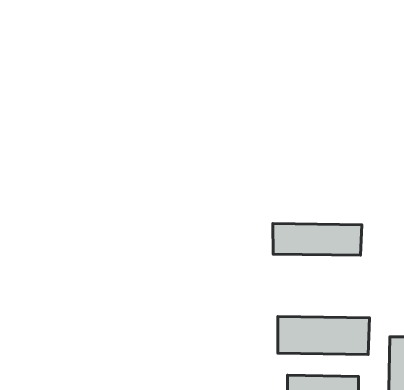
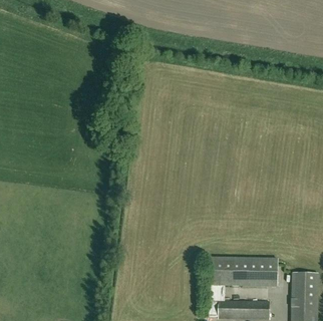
building: [273,223,362,255] -> none

